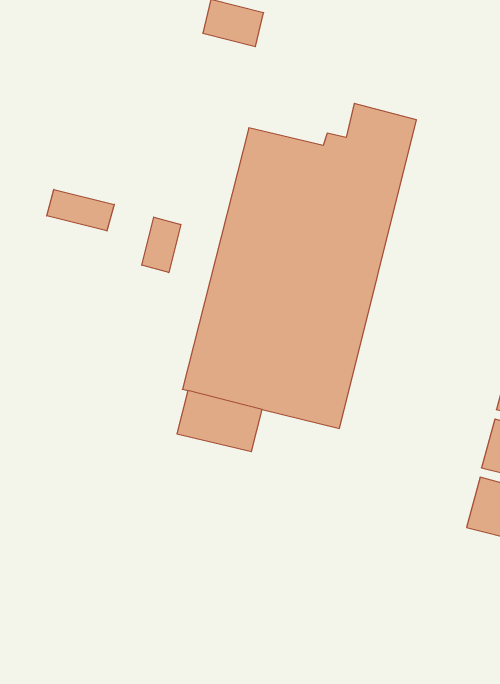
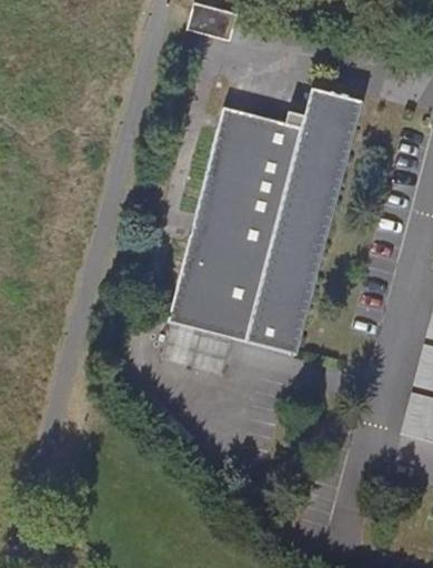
building: [47,189,114,231] -> none
building: [142,217,181,273] -> none

